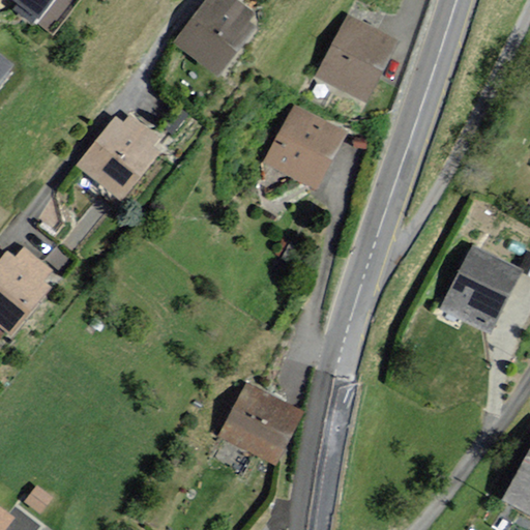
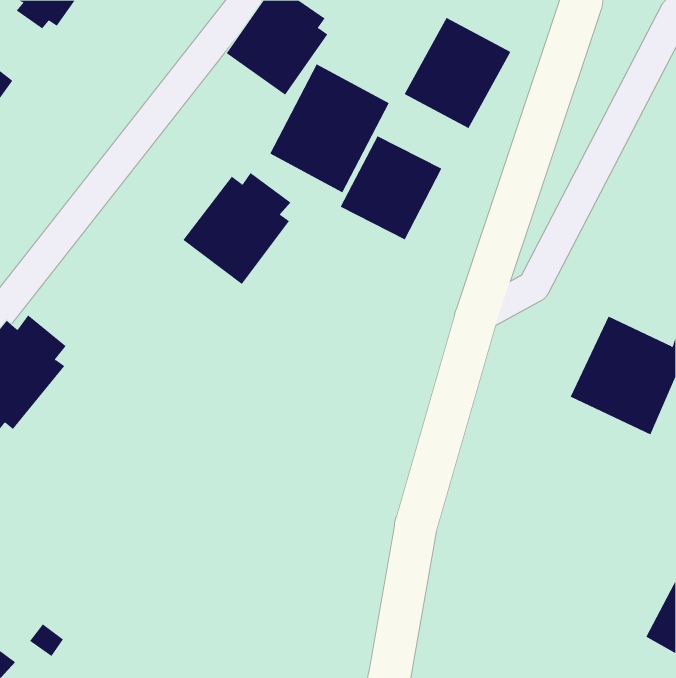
building: none -> [270,63,390,193]
building: [75,114,159,202] -> [182,172,291,285]
building: [217,383,300,465] -> none

